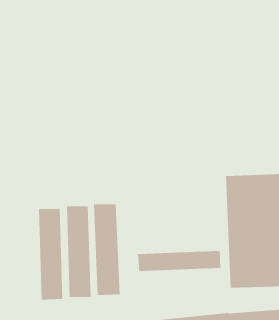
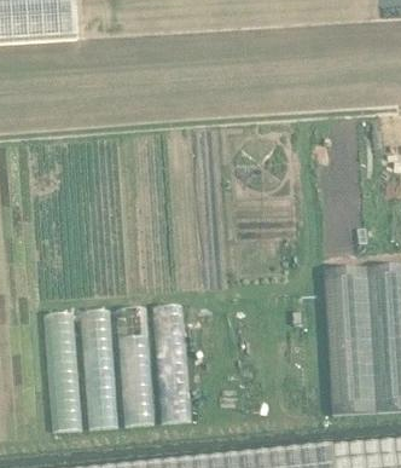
building: none -> [48,312,80,431]
building: [137,250,221,272] -> none

